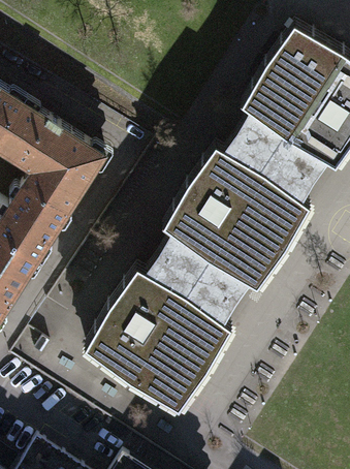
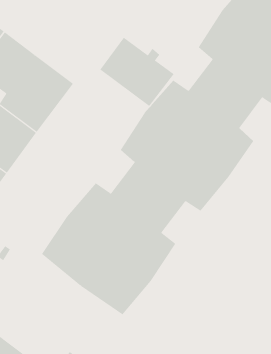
building: none -> [100,37,174,107]

